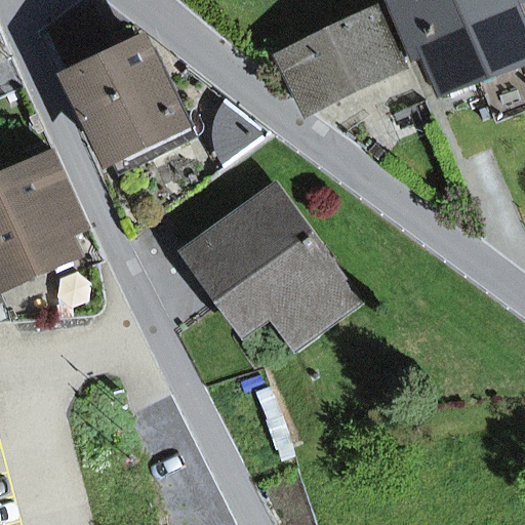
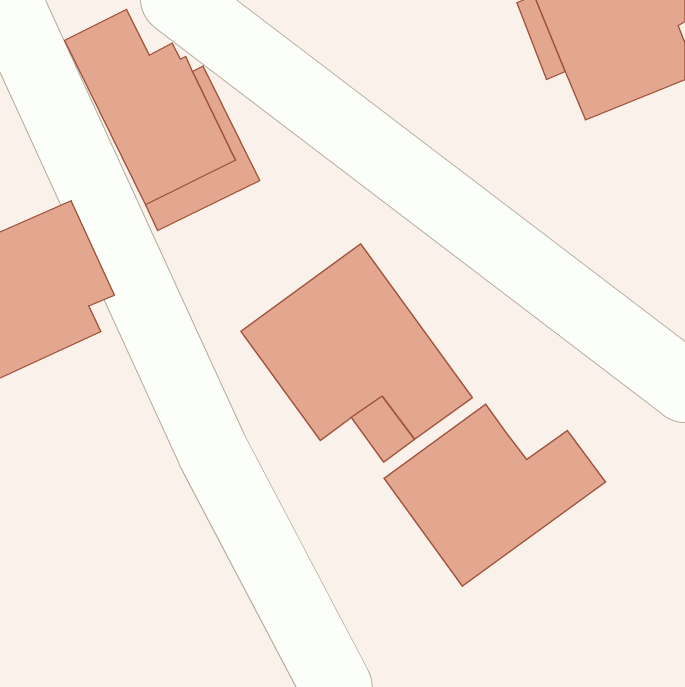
building: [278,12,397,107] -> none
building: none -> [384,404,605,586]

